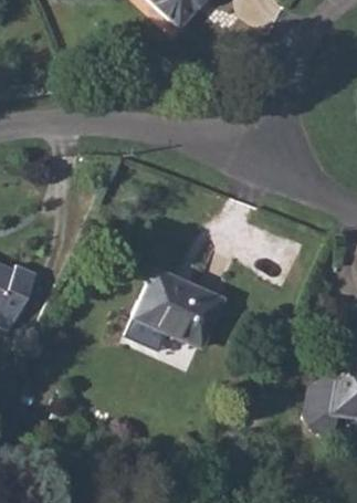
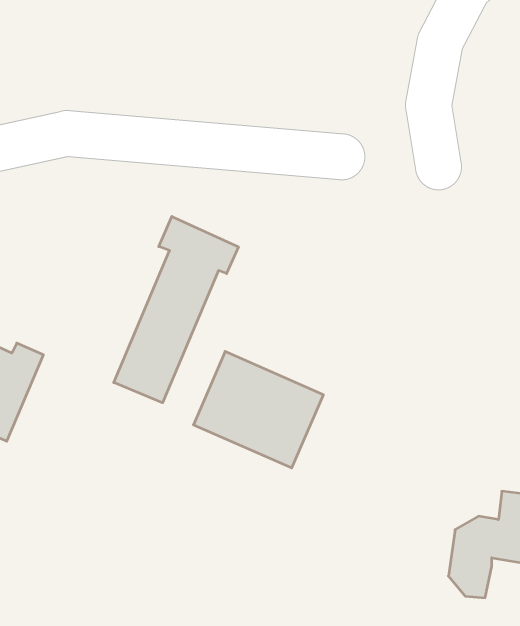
building: none -> [114,216,238,403]

